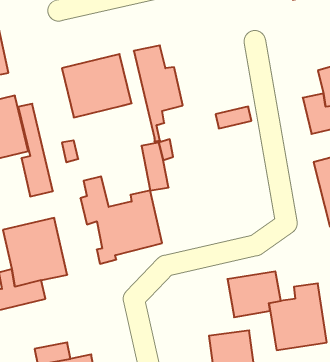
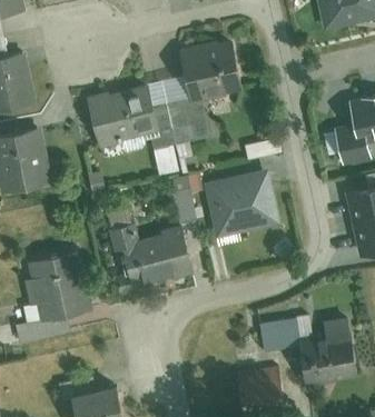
building: none -> [182,42,240,99]
building: [18,104,53,196] -> [146,81,181,176]
building: none -> [204,166,280,236]

